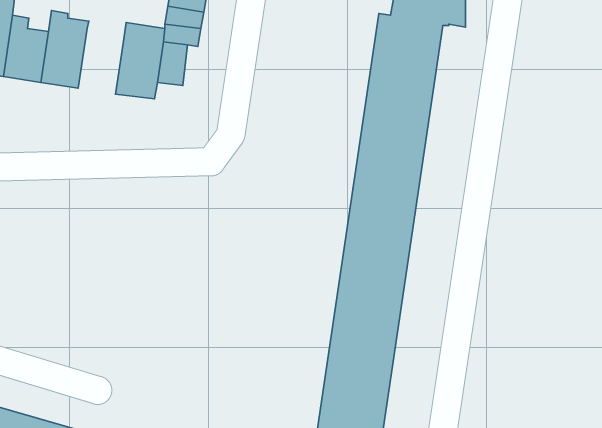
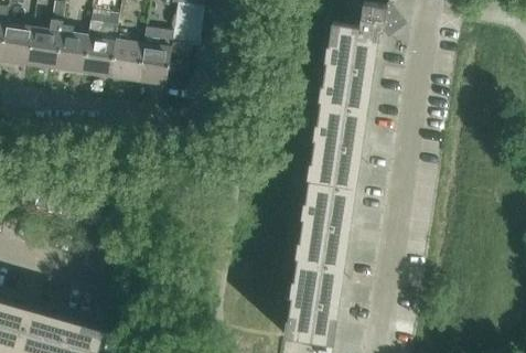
building: none -> [109,32,142,81]

